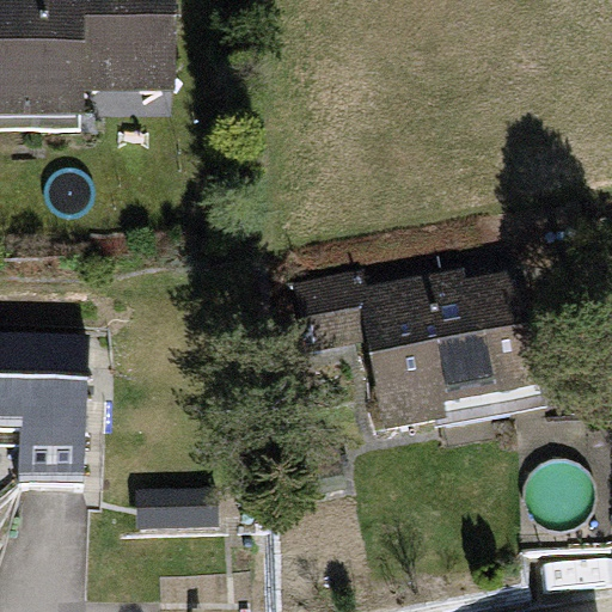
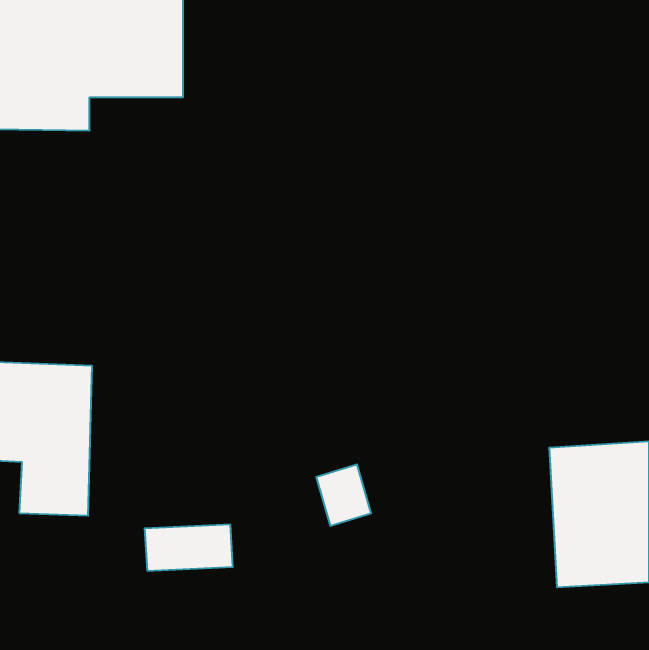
building: [289,268,537,436] -> none

